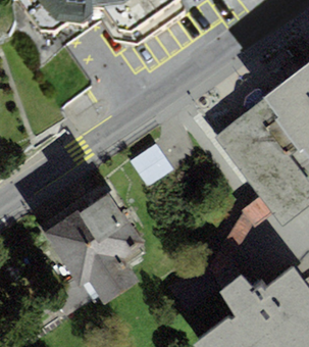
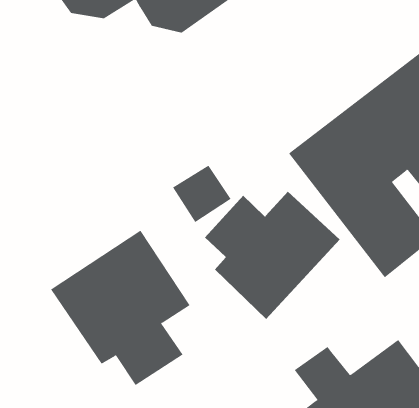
building: none -> [204,191,340,320]

